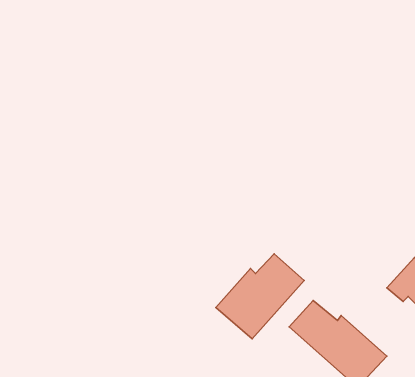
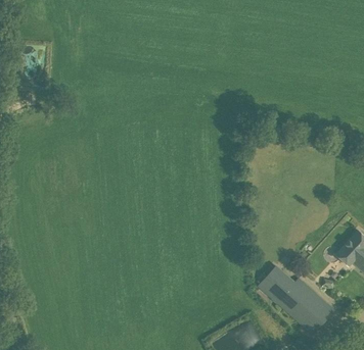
building: [216,254,304,339] -> none

